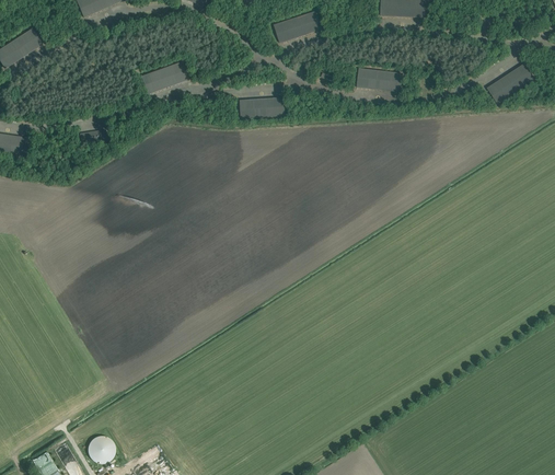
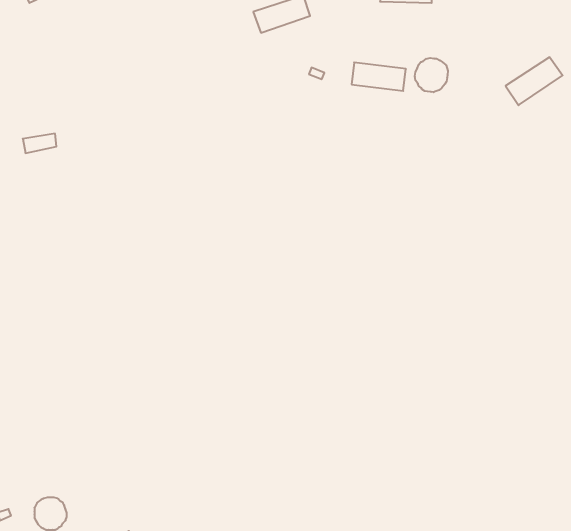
building: [140,61,188,94] -> none
building: none -> [415,58,448,92]
building: [239,96,285,119] -> none

